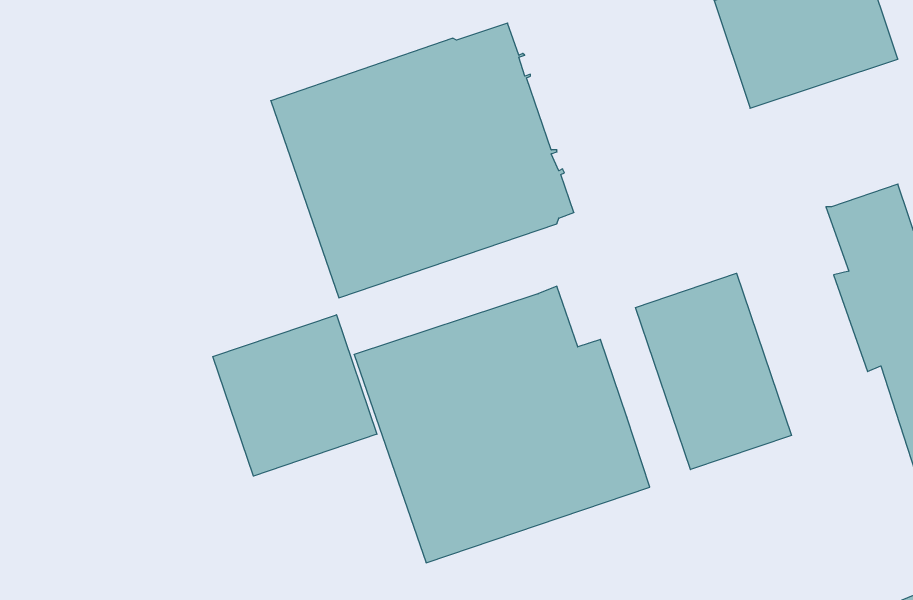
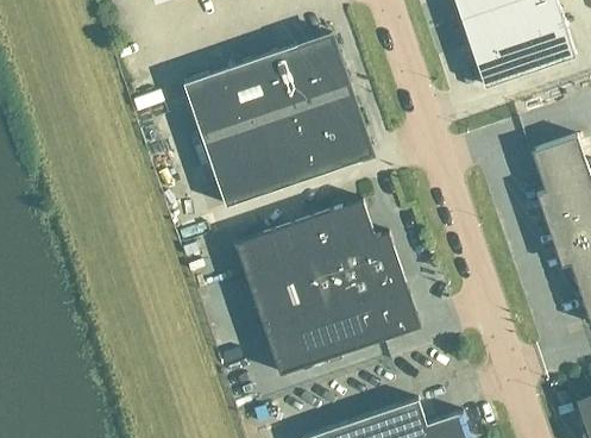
building: [636,273,792,470] -> none
building: [213,315,377,476] -> none

